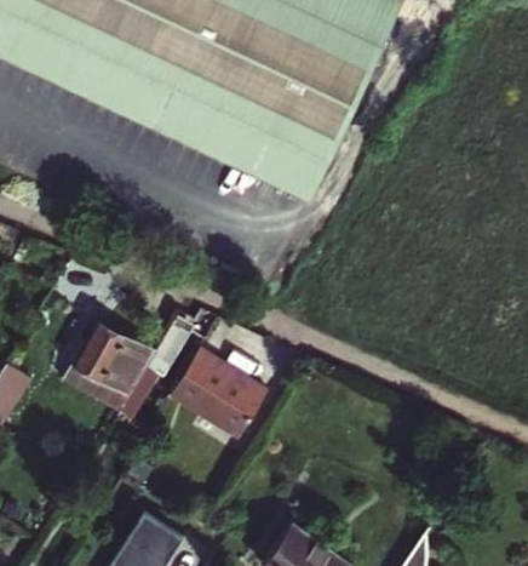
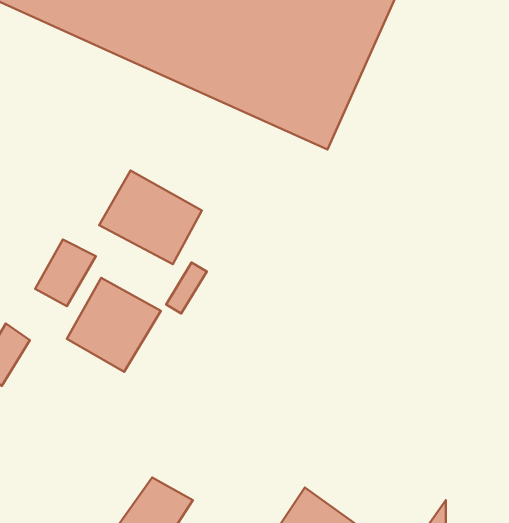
building: none -> [99,171,202,264]
building: none -> [35,239,96,306]
building: [170,349,265,438] -> none

